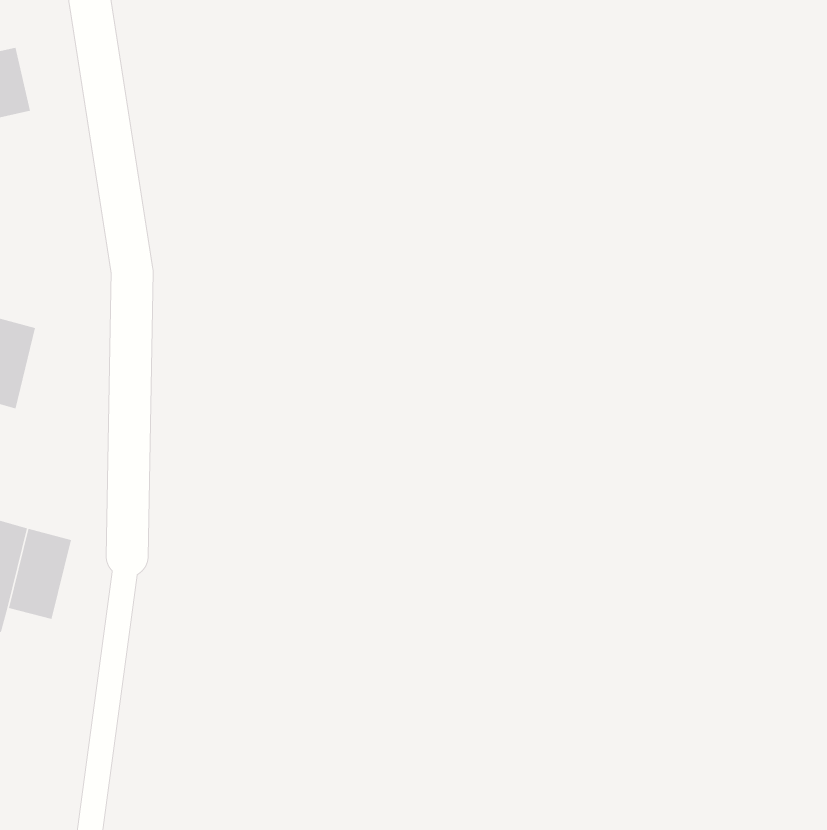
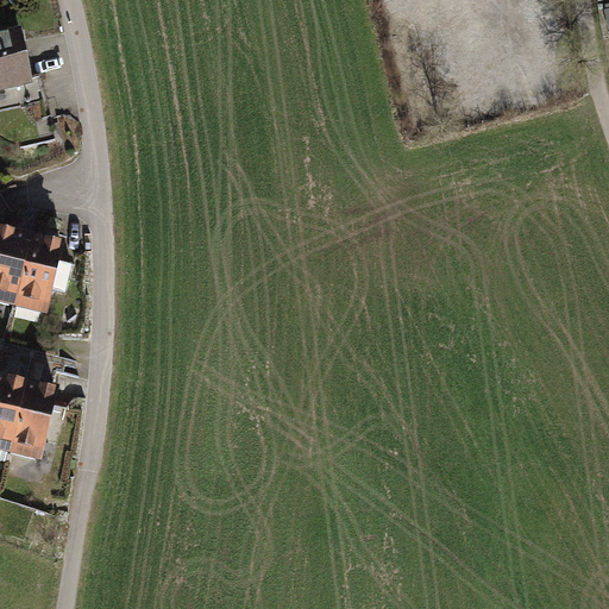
building: none -> [12,241,68,308]

